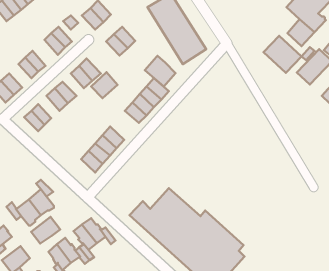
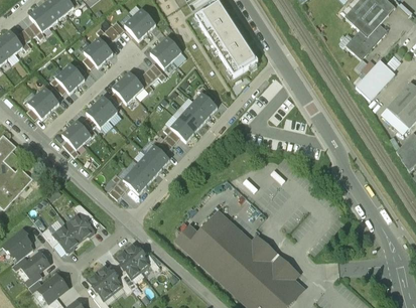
building: [264,36,301,73] -> none
building: [145,56,175,86] -> none
building: [91,72,117,98] -> none
building: [31,217,60,244] -> none

